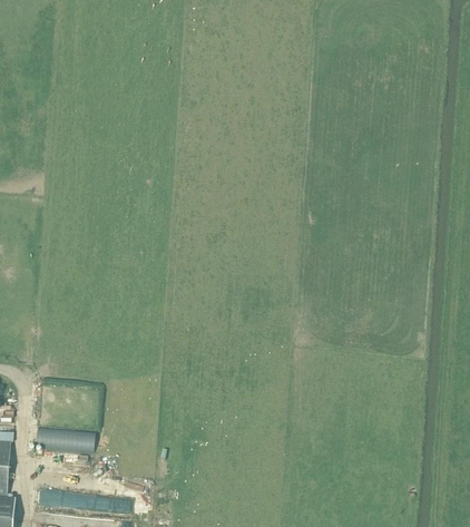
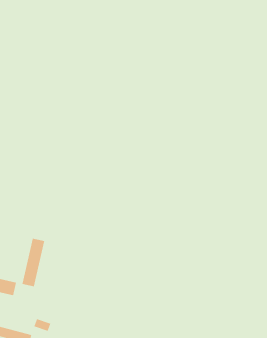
building: none -> [22,238,45,287]

